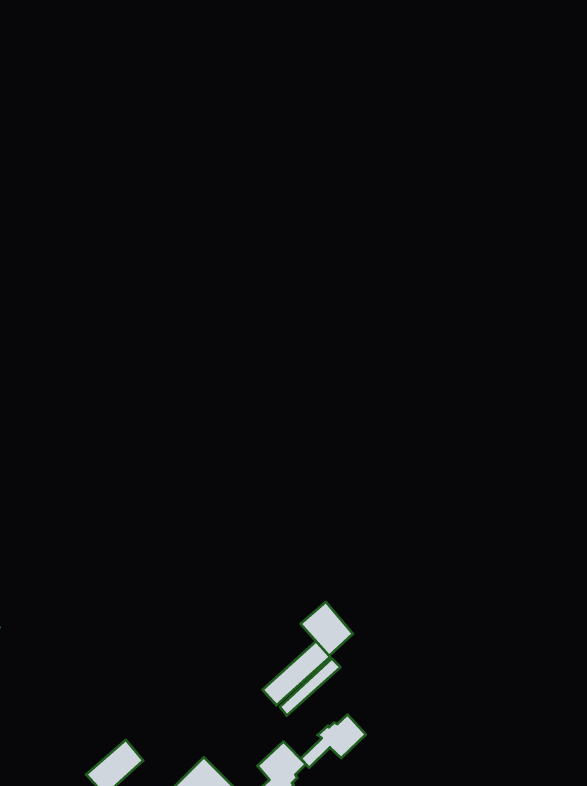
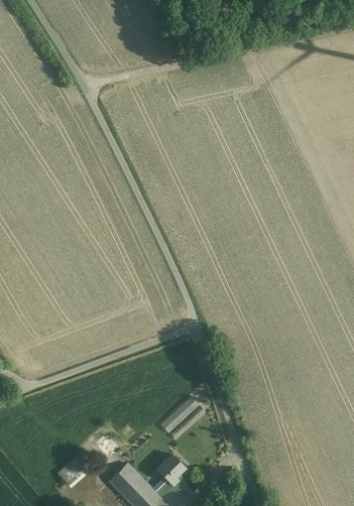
building: [301,602,353,656] -> none
building: [301,715,366,768] -> none

